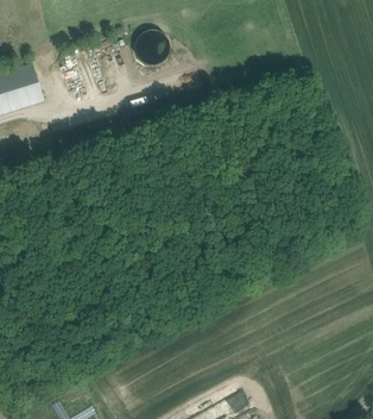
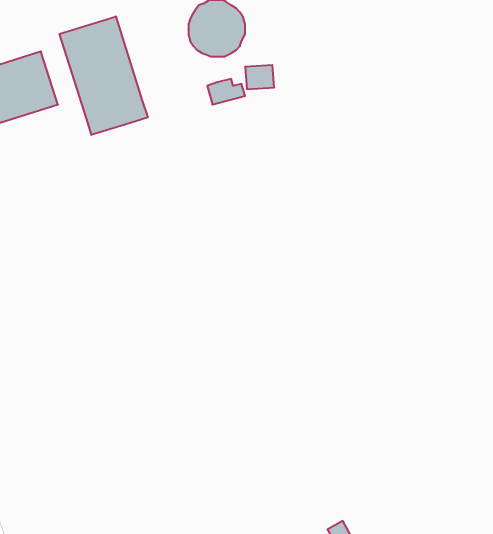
building: none -> [59,16,148,135]

